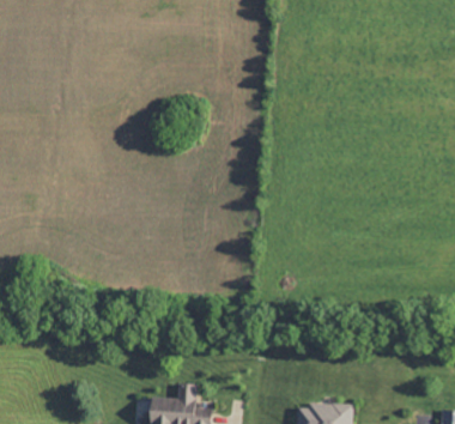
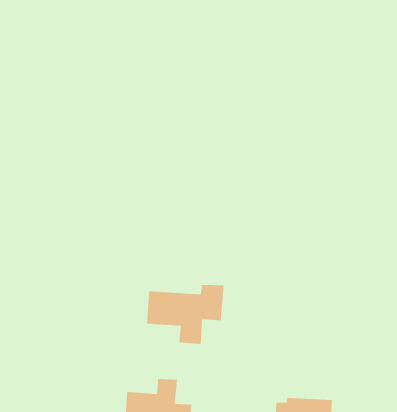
building: none -> [146,284,225,345]

